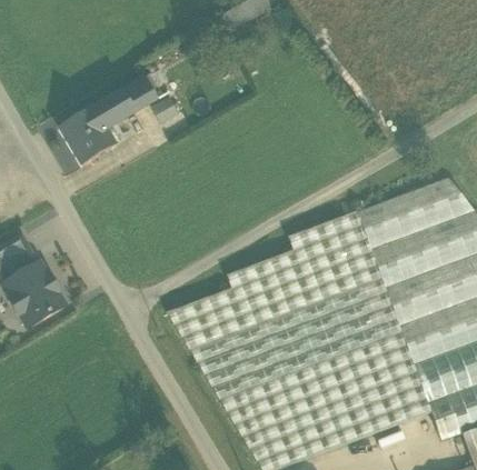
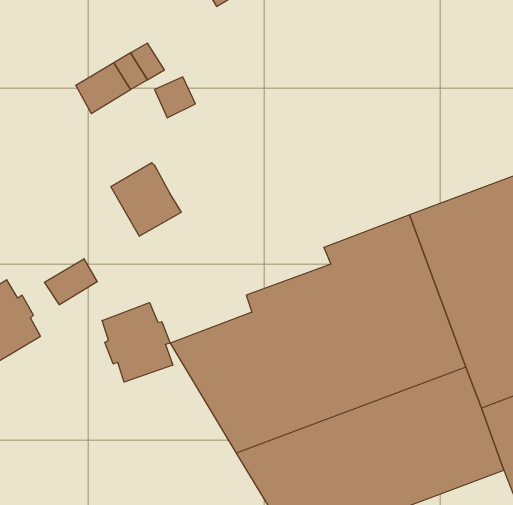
building: [57,106,112,163] -> [111,163,181,236]
building: none -> [44,259,97,305]
building: none -> [102,303,173,382]

